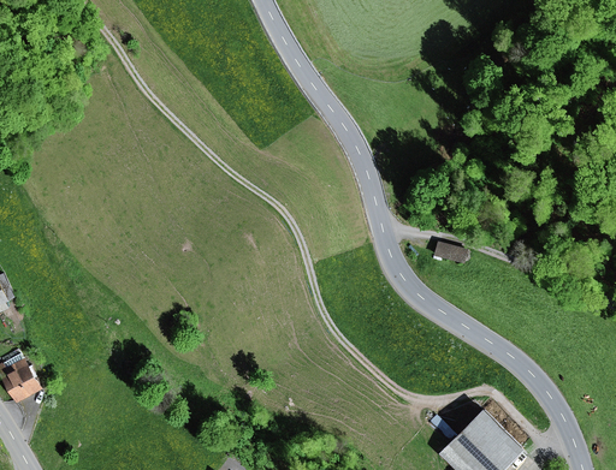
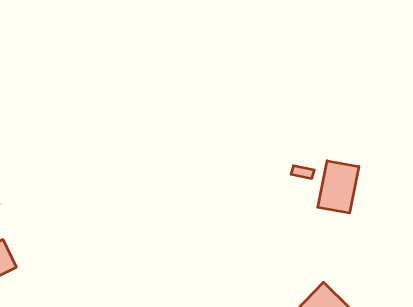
building: none -> [318,161,359,213]

